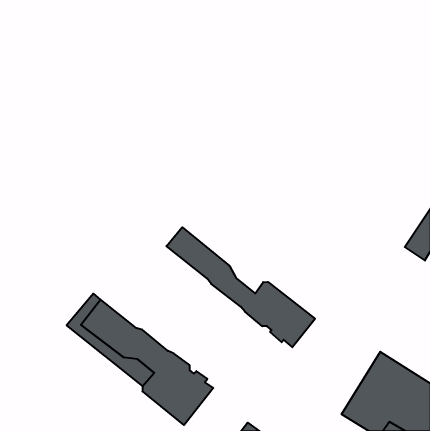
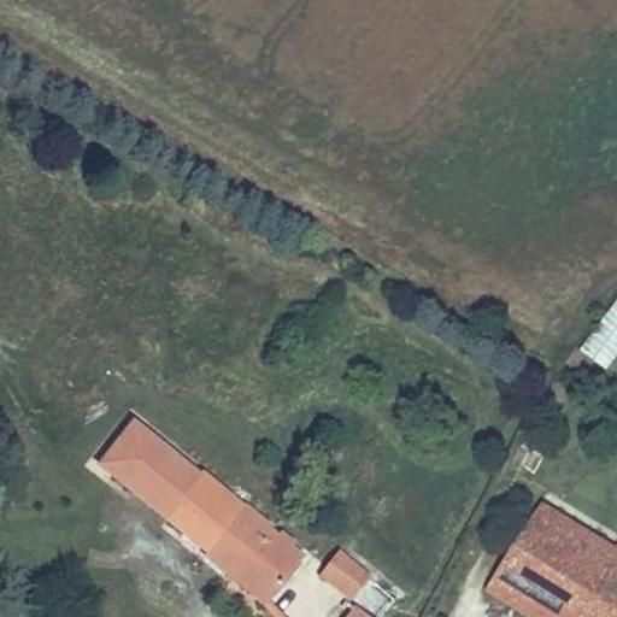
building: [166,227,315,347] -> none
building: none -> [318,550,372,600]

